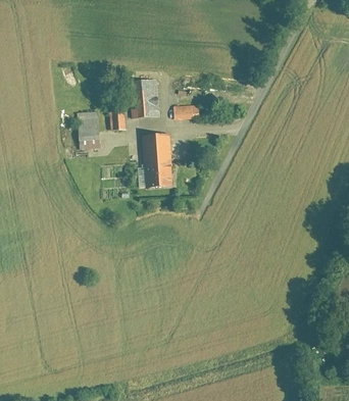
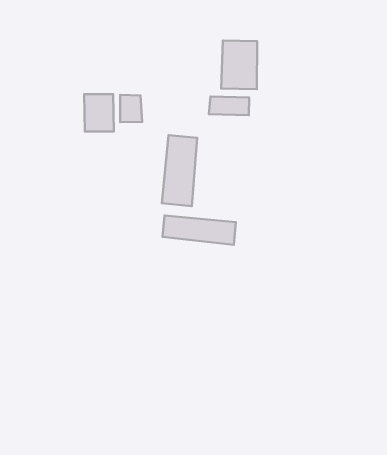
building: [129,81,157,118] -> [221,41,257,89]
building: none -> [162,215,236,245]

